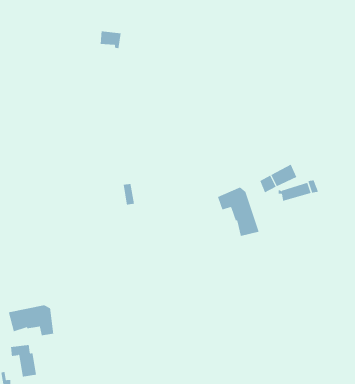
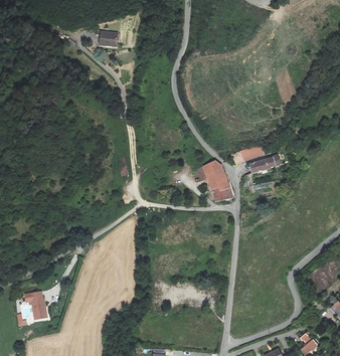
building: [8,305,54,336] -> none

